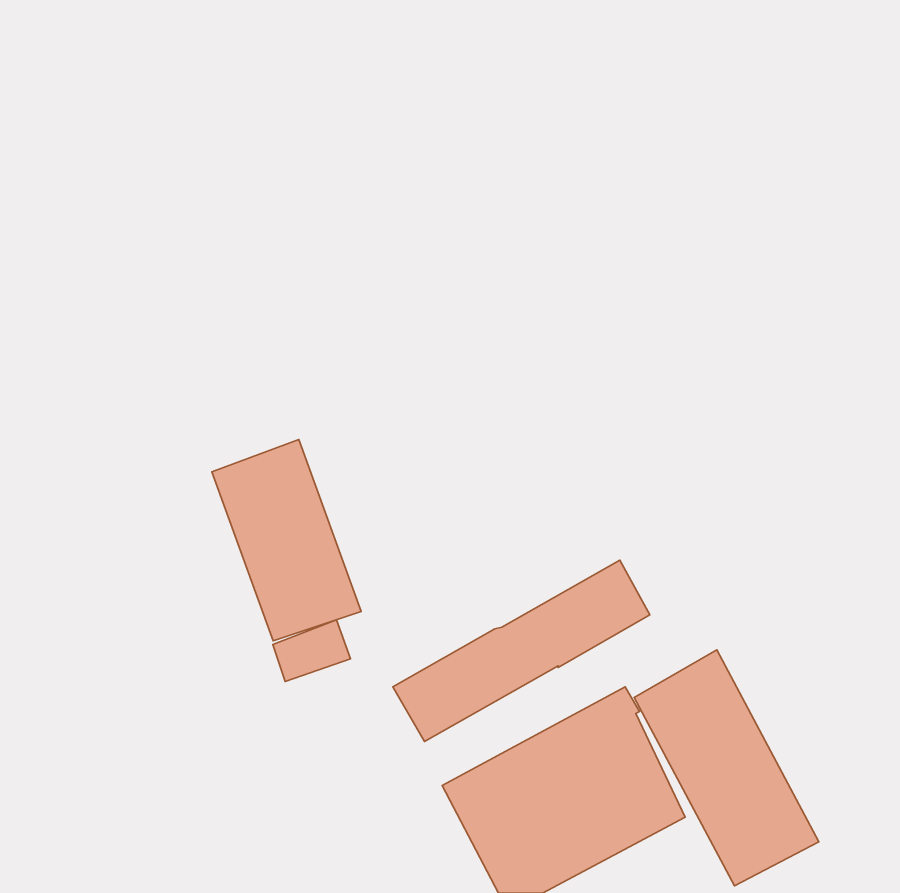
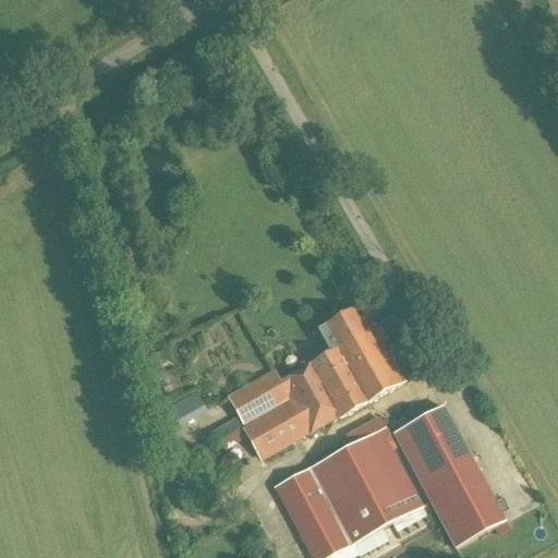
building: [212,439,361,641] -> none
building: none -> [227,304,384,425]

